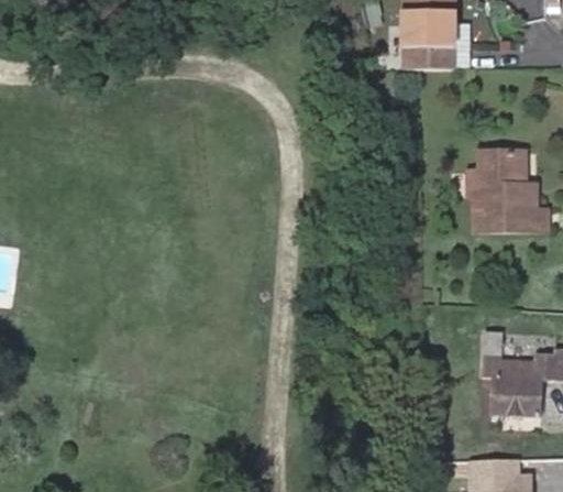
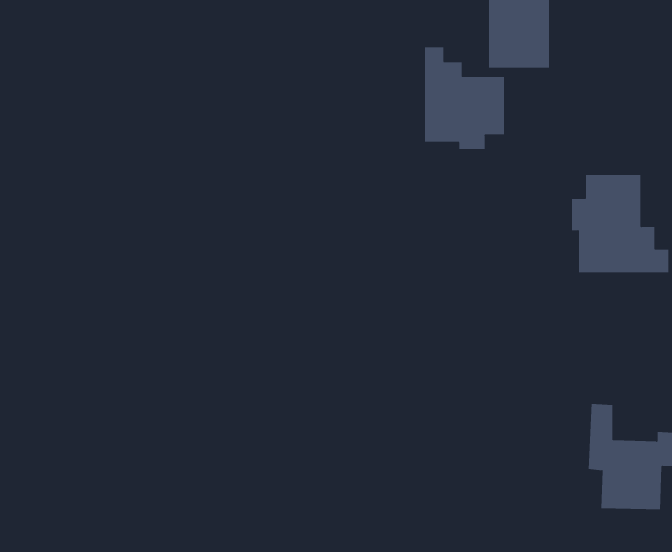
building: none -> [424,47,505,150]

